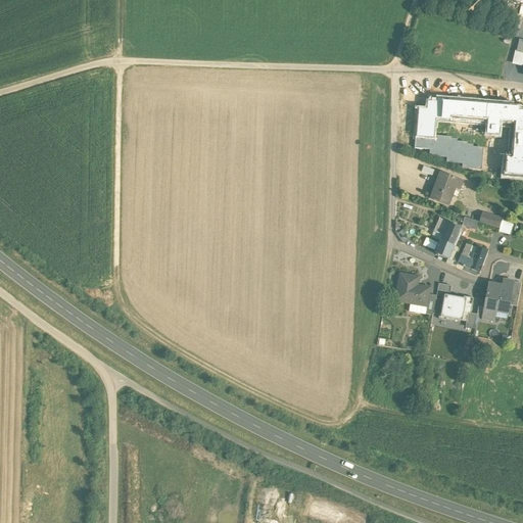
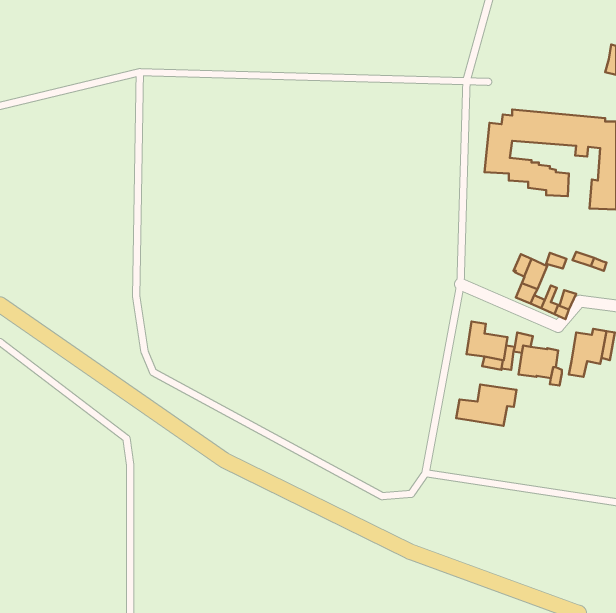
building: [431,171,462,204] -> none
building: none -> [456,384,517,426]

